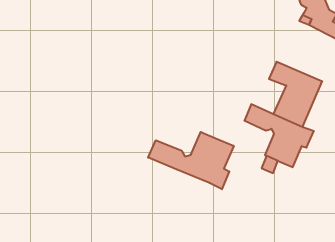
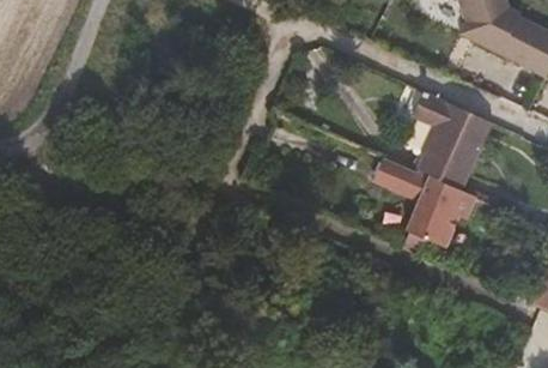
building: [148,132,234,189] -> none

